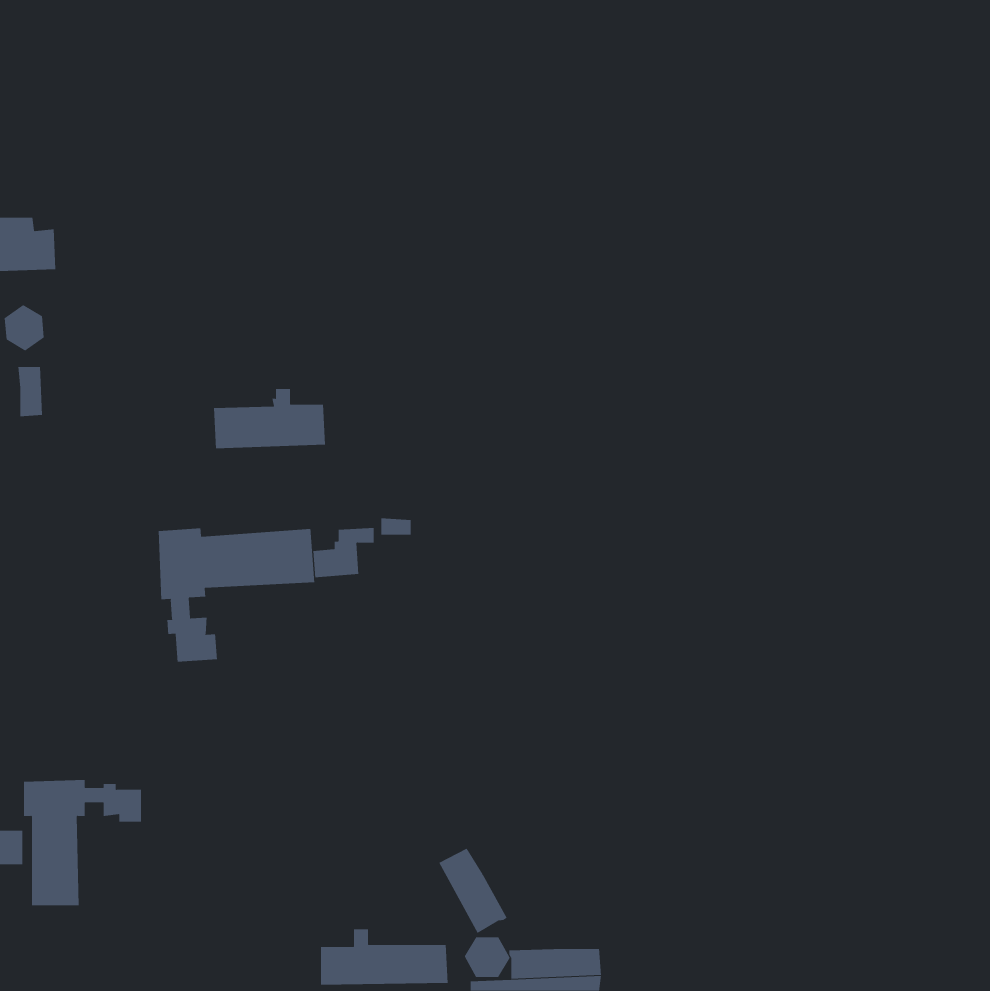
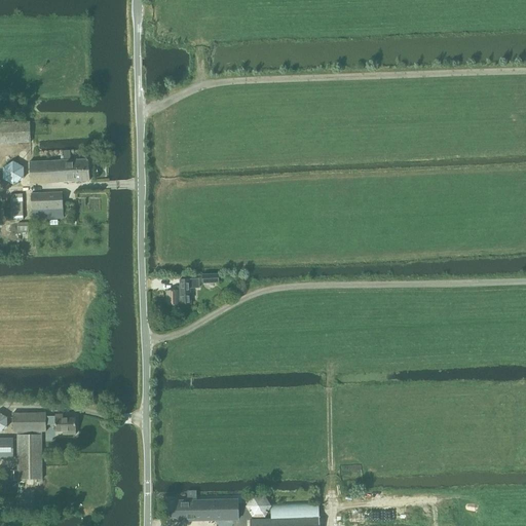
building: none -> [30,193,62,220]
building: [213,389,326,449] -> [29,152,88,184]
building: [158,527,315,663] -> none
building: [438,848,508,934] -> none

